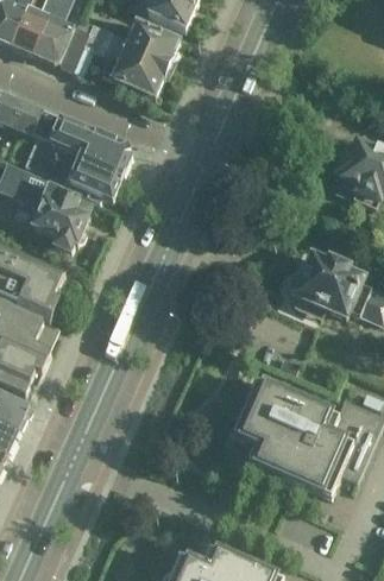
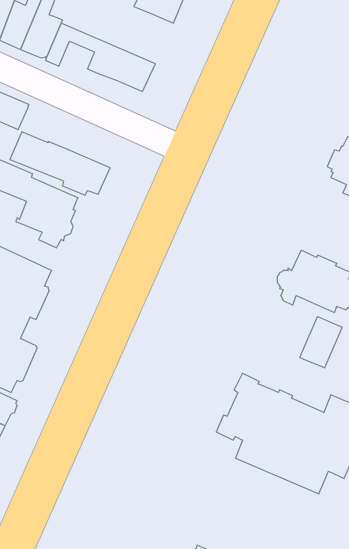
building: [74,17,180,70] -> none
building: [31,114,131,173] -> none
building: none -> [300,317,342,368]

